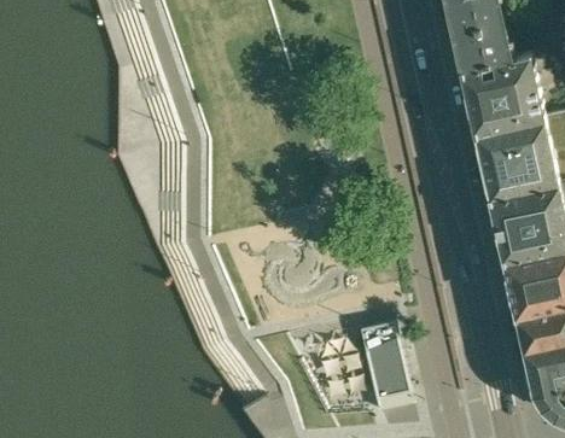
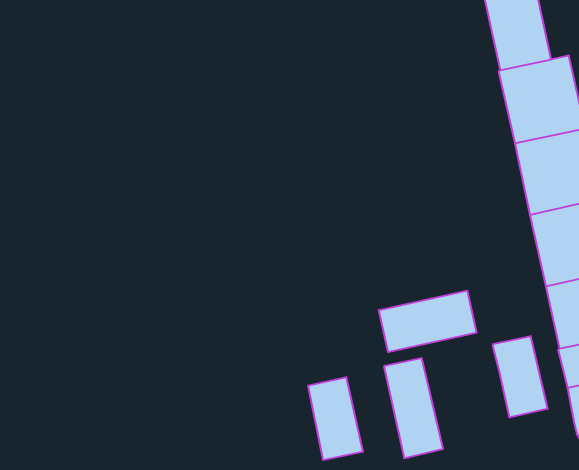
building: none -> [379,291,477,352]
building: none -> [493,336,548,417]
building: none -> [308,377,363,460]

